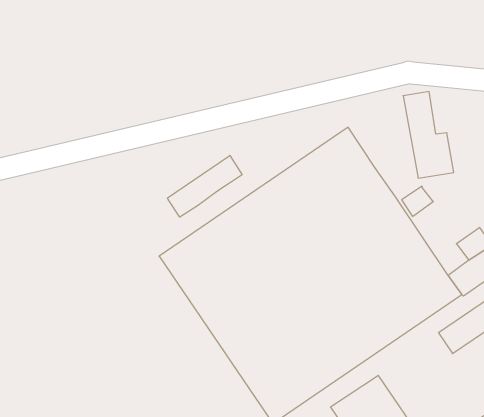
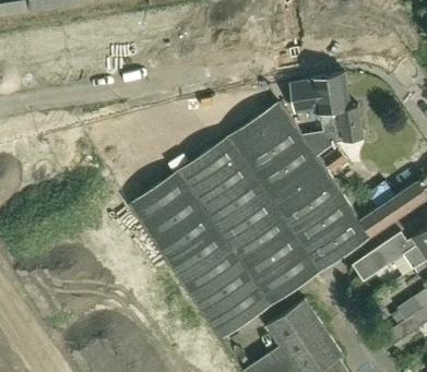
building: none -> [292,77,336,157]
building: [167,155,242,217] -> none

